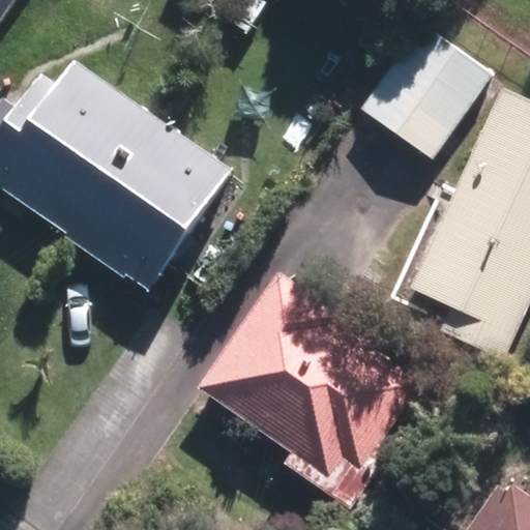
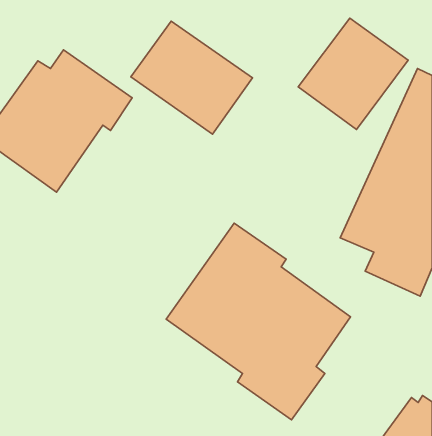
building: none -> [131,21,252,134]
building: [68,121,236,294] -> none

